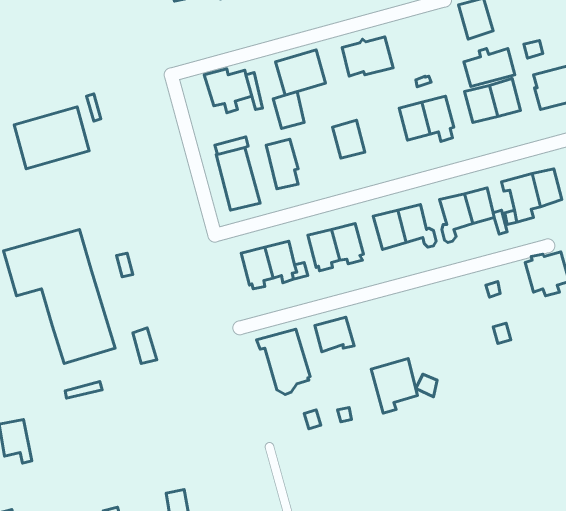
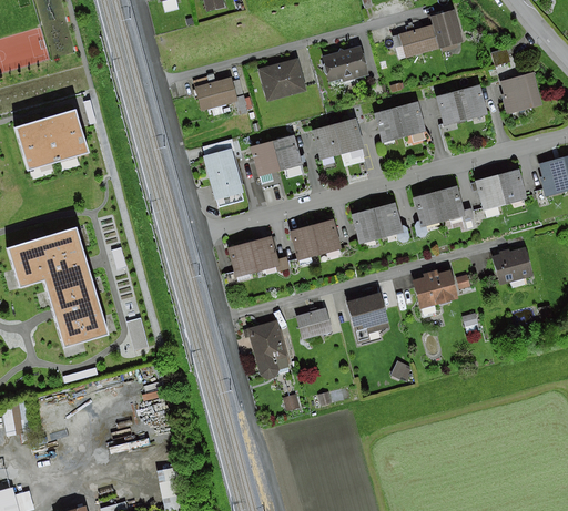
building: [464,49,515,87] -> [392,23,439,59]
building: [273,92,304,128] -> [273,134,302,168]
building: none -> [335,117,364,159]
building: none -> [413,269,458,318]
building: [371,359,418,413] -> [346,292,389,343]

